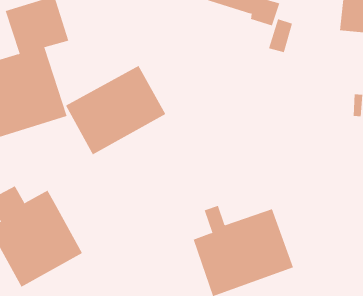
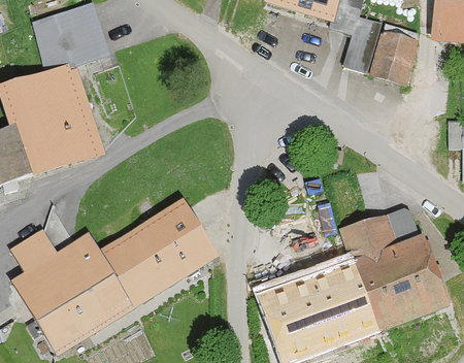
building: none -> [371,34,418,85]
building: [65,65,166,155] -> [92,202,213,310]
building: none -> [343,204,446,328]

